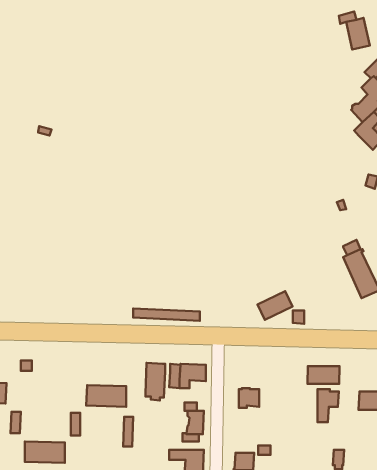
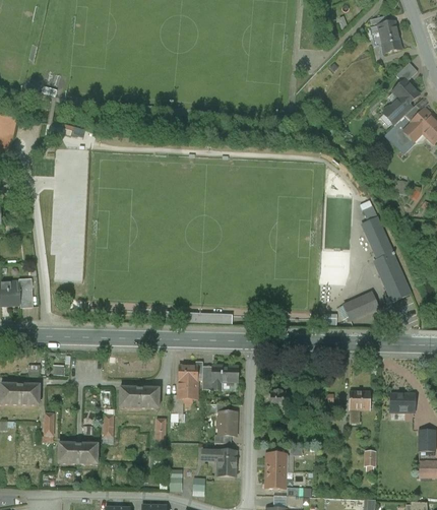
building: none -> [370,215,389,249]
building: [258,291,292,320] -> [344,291,378,319]
building: [307,366,340,384] -> none

